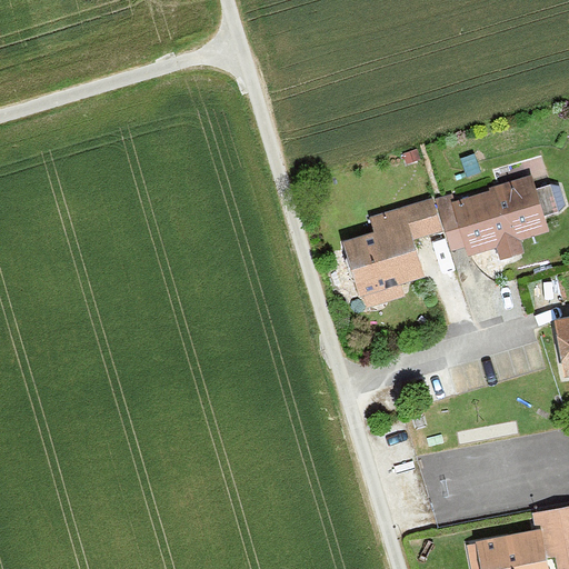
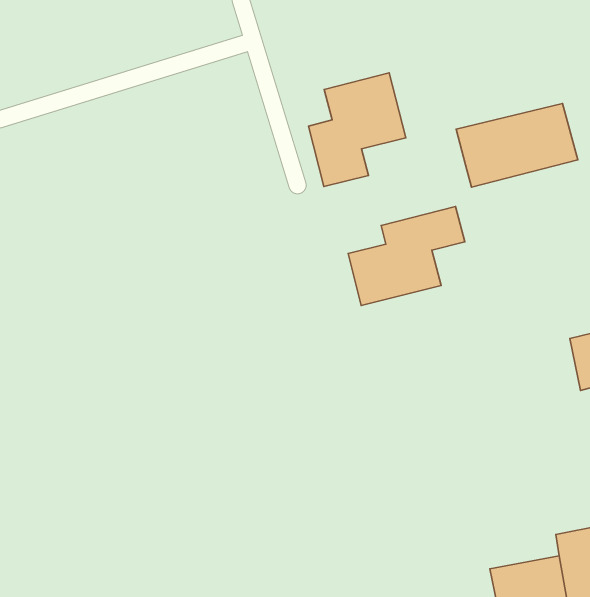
building: none -> [308,73,406,186]
building: [441,176,556,254] -> [456,103,578,187]

